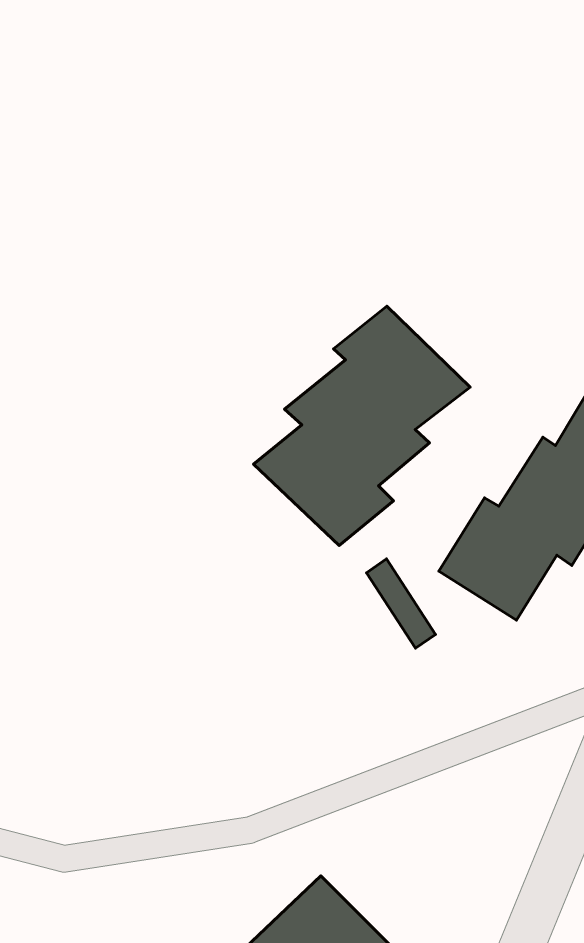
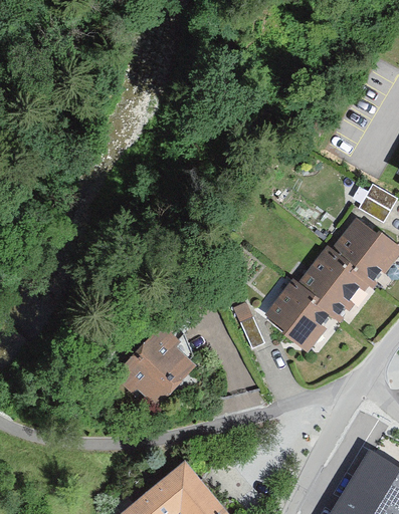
building: [253,306,470,545] -> none
building: none -> [121,331,187,397]

